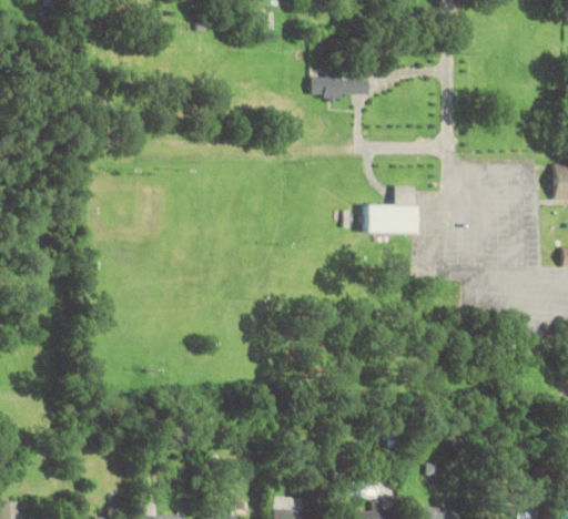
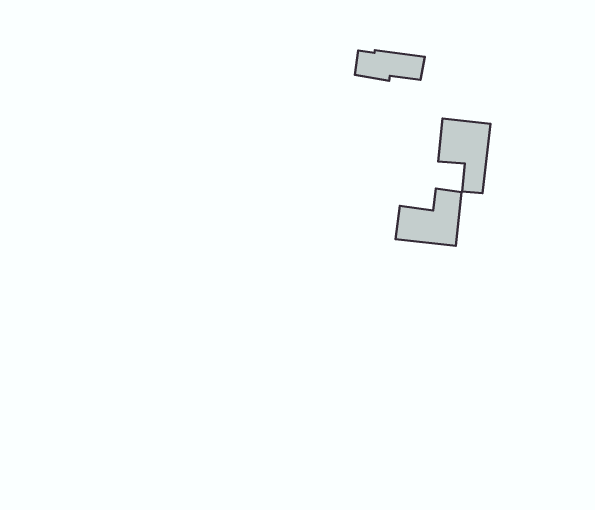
building: none -> [438,119,490,193]

